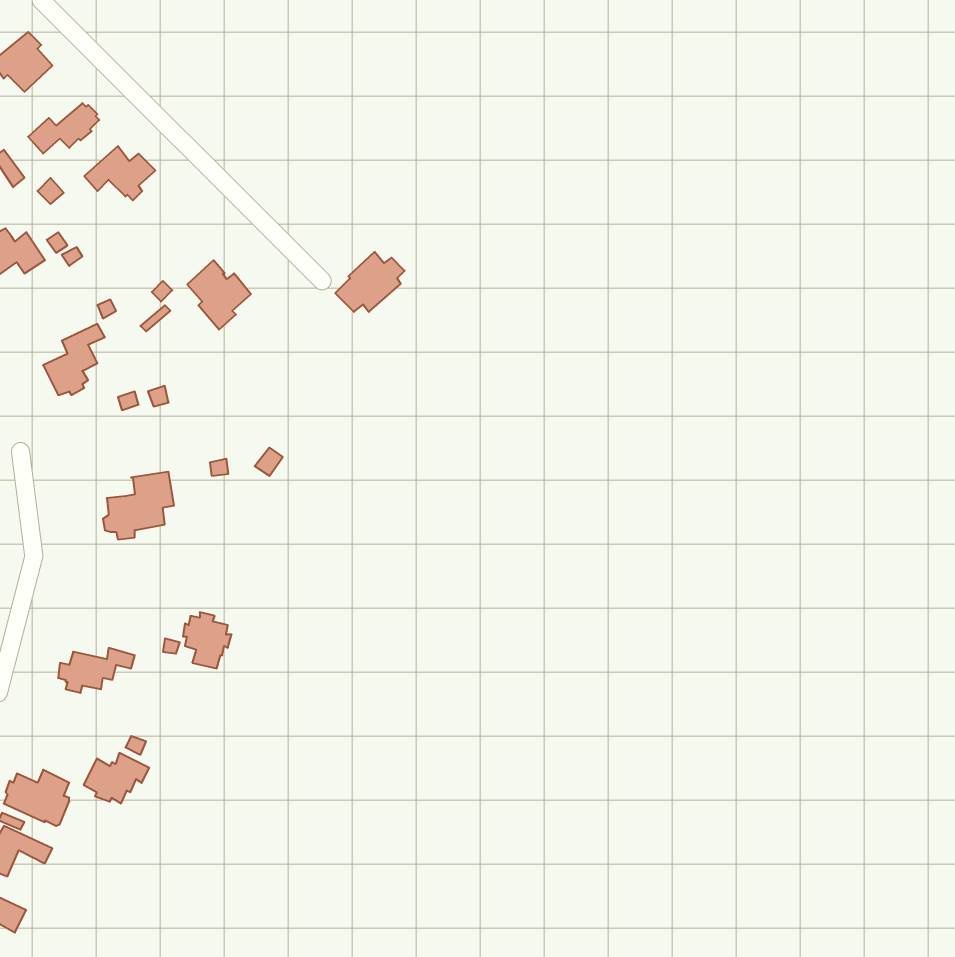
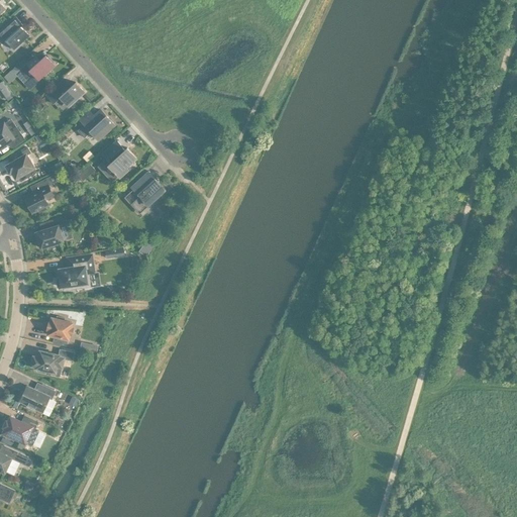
building: none -> [77,110,113,140]
building: [335,252,405,312] -> [123,176,161,208]
building: none -> [5,147,34,178]
building: none -> [34,217,63,248]
building: [183,612,232,668] -> [46,316,73,346]
building: [84,753,149,803] -> [19,384,55,411]

